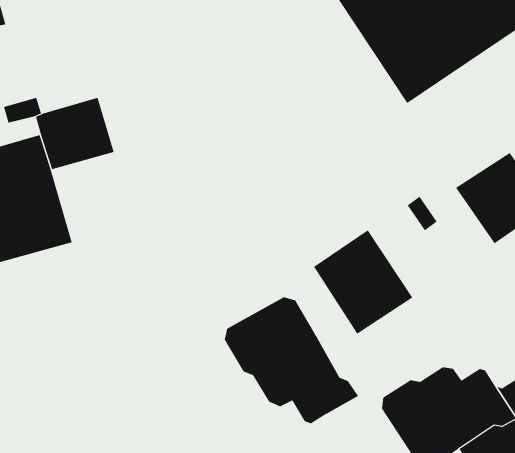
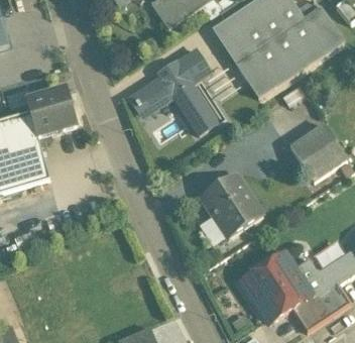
building: none -> [133,49,217,134]
building: [224,297,359,424] -> none

